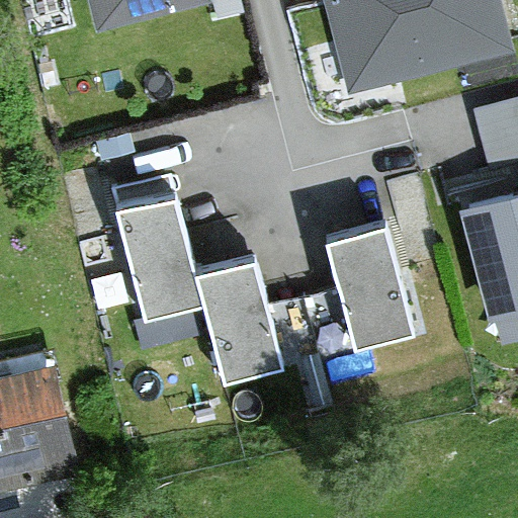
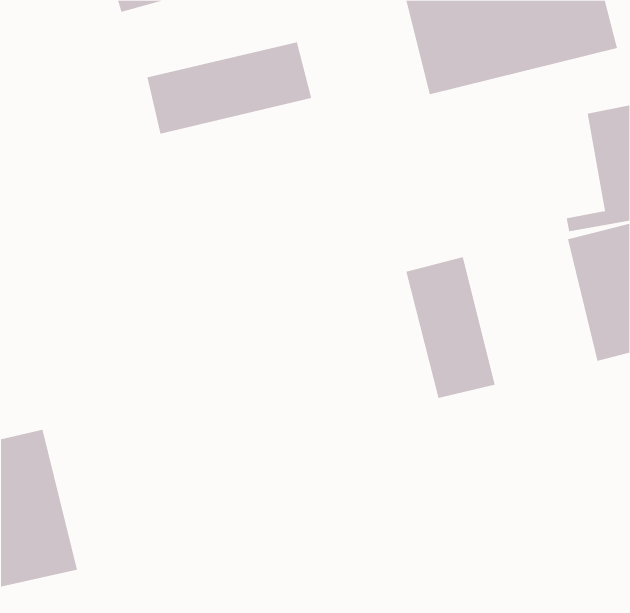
building: none -> [147,41,312,134]
building: [117,183,276,376] -> none

